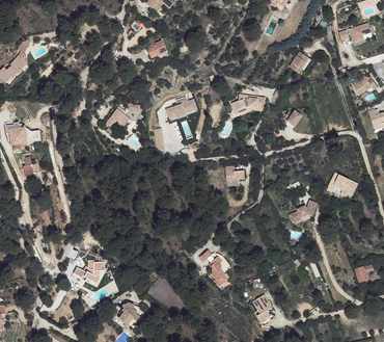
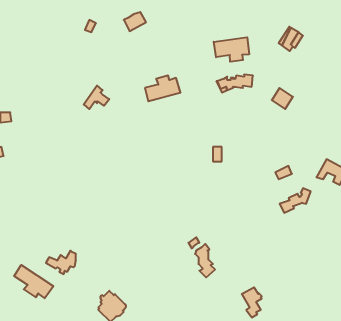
building: none -> [214,37,249,62]
building: none -> [14,265,53,298]

